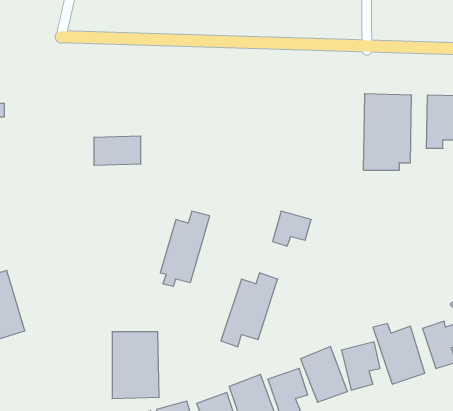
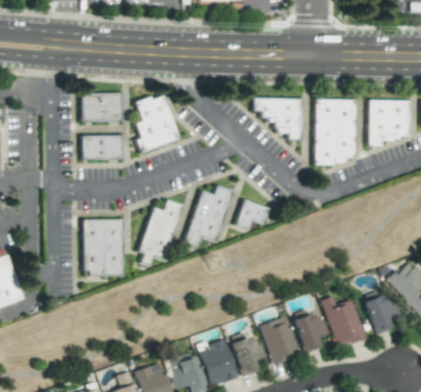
building: none -> [82,93,123,122]
building: none -> [136,94,179,152]
building: none -> [254,98,302,140]
building: [221,273,278,347] -> [184,185,233,249]
building: [112,332,159,398] -> [84,219,125,277]

